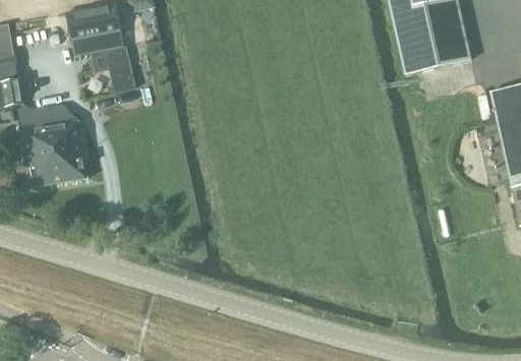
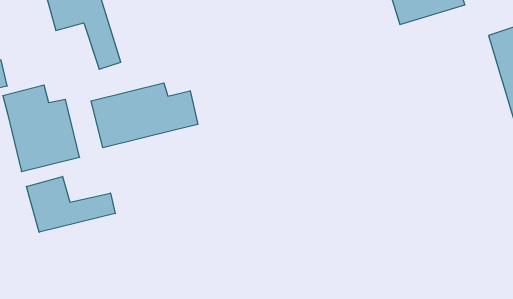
building: none -> [91,83,198,148]
building: none -> [26,176,115,232]

